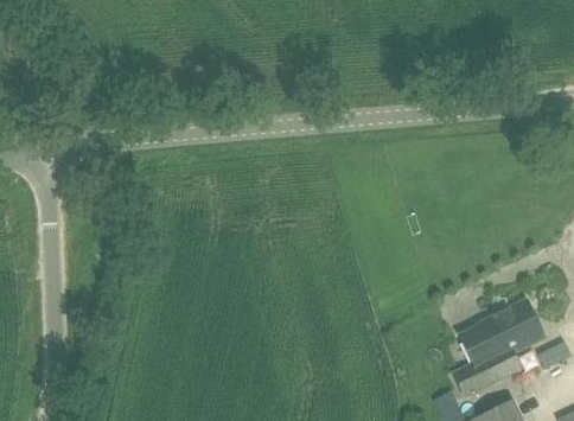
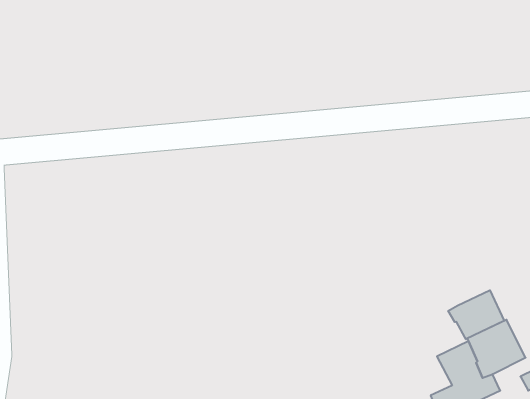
building: none -> [448,290,504,339]

